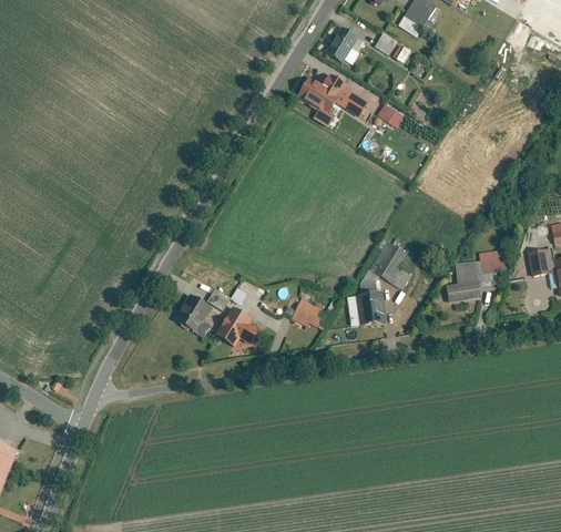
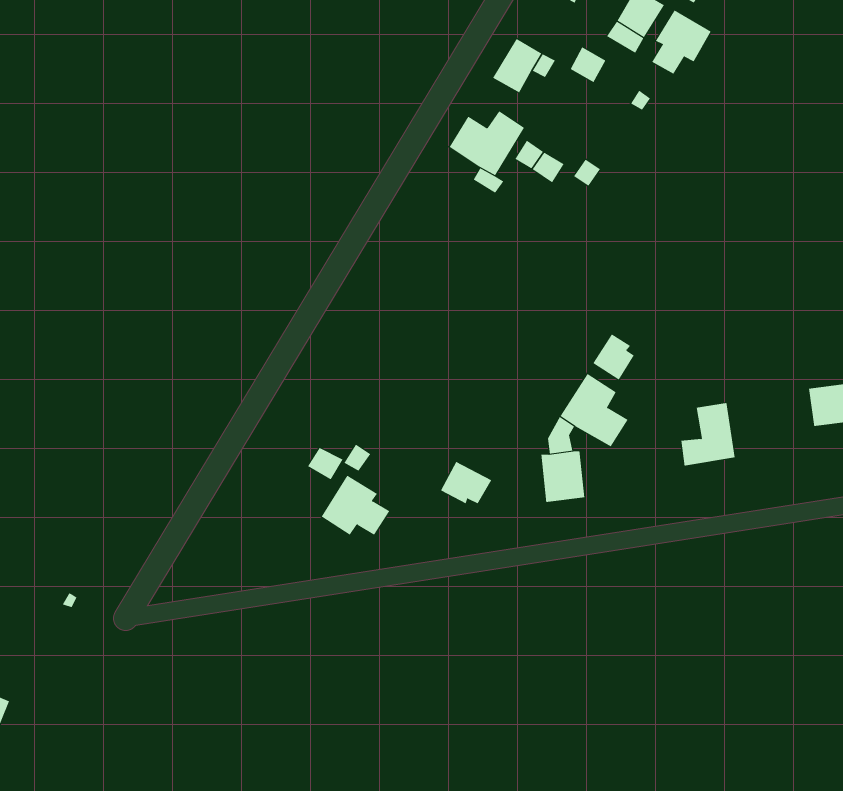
building: none -> [651,9,712,75]
building: none -> [593,334,634,381]
building: [479,248,508,272] -> none
building: [174,293,213,336] -> none

